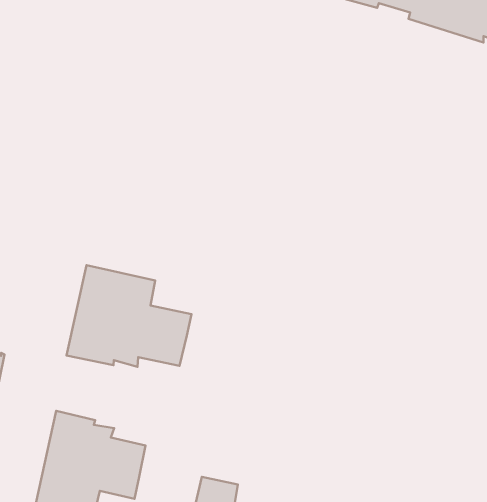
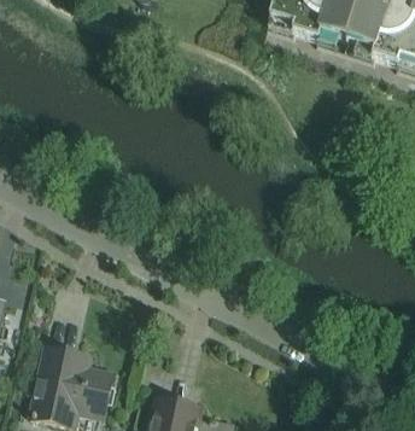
building: [67,265,192,367] -> none

